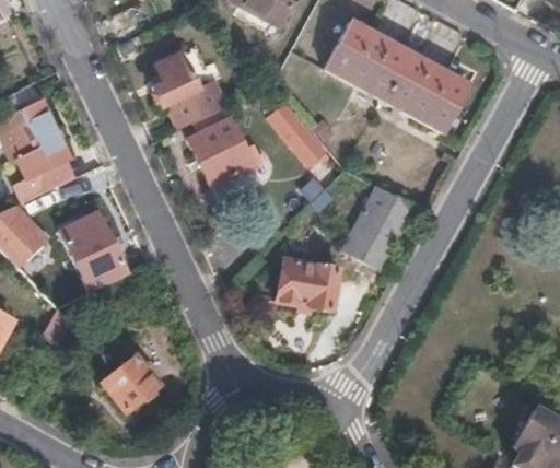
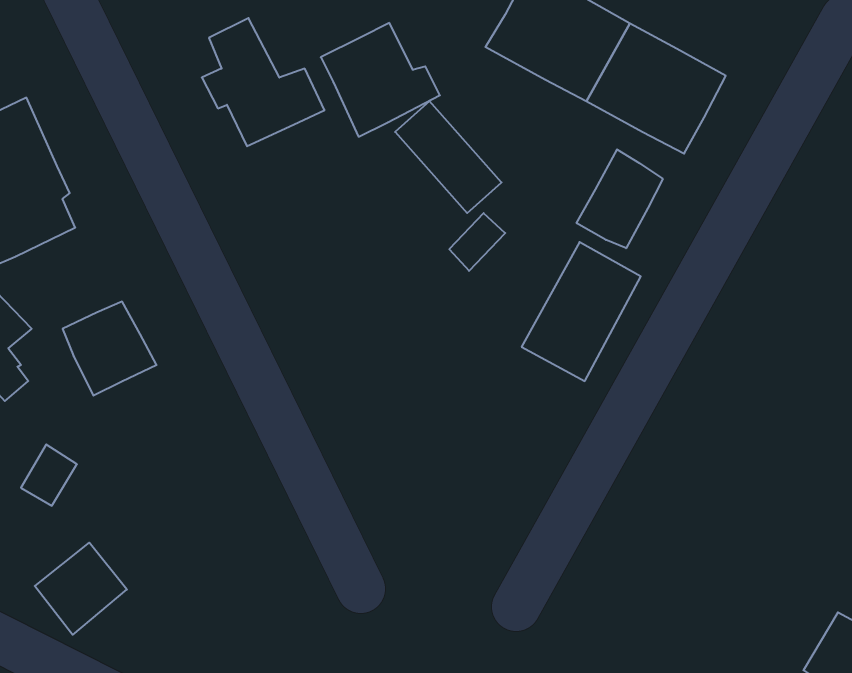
building: [187,118,259,187] -> [321,23,440,137]
building: none -> [577,149,663,248]
building: [278,258,339,309] -> none
building: [102,355,158,411] -> [35,543,127,635]

